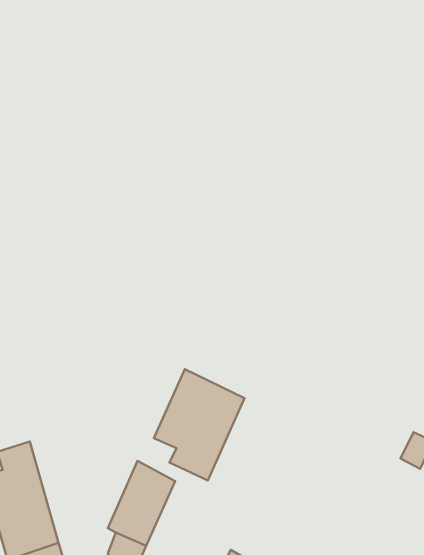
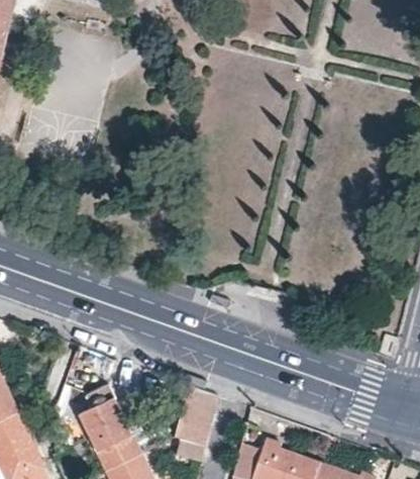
building: [154,369,245,481] -> none

